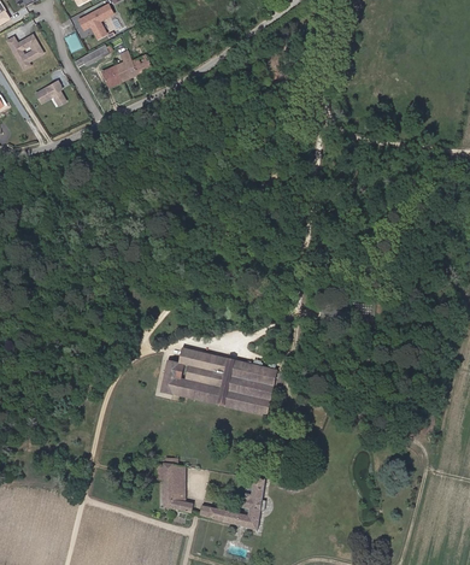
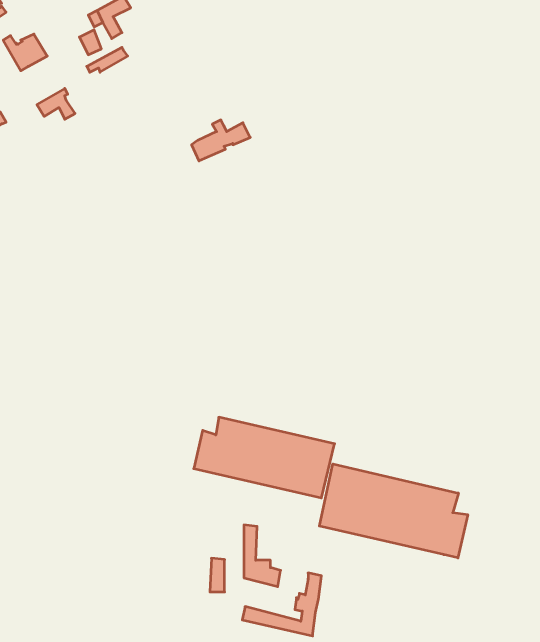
building: [102,51,151,84] -> [192,120,250,161]
building: none -> [319,464,468,558]
building: [166,463,196,513] -> [244,525,281,587]

